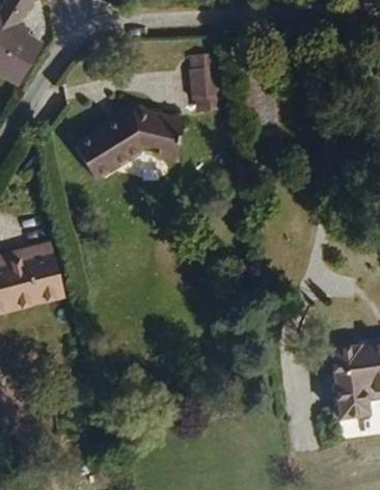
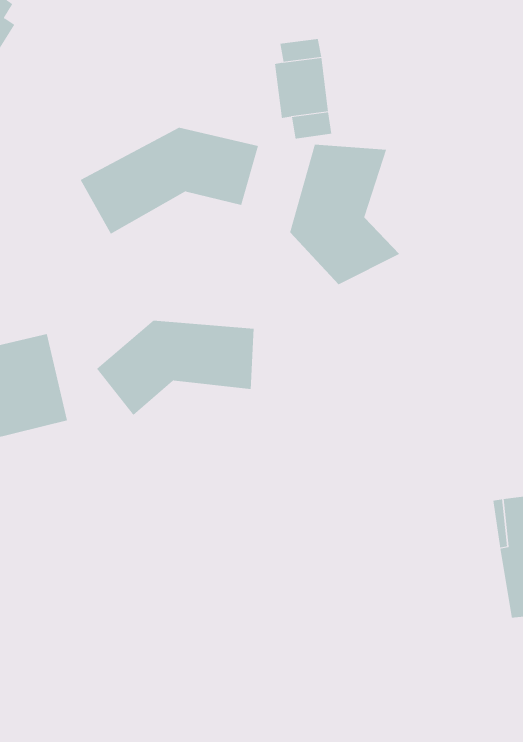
building: none -> [289,144,400,285]
building: none -> [96,320,254,416]

